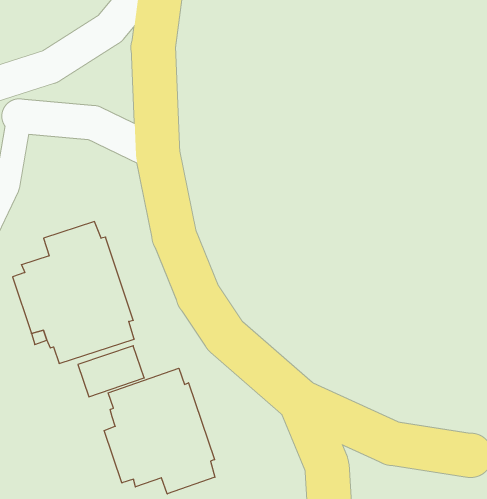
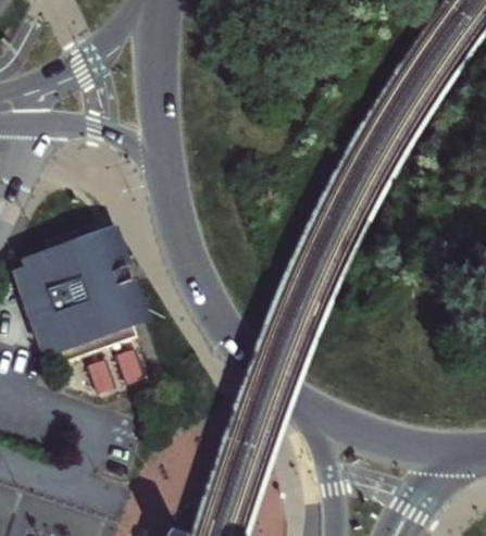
building: [104,368,215,494] -> none

